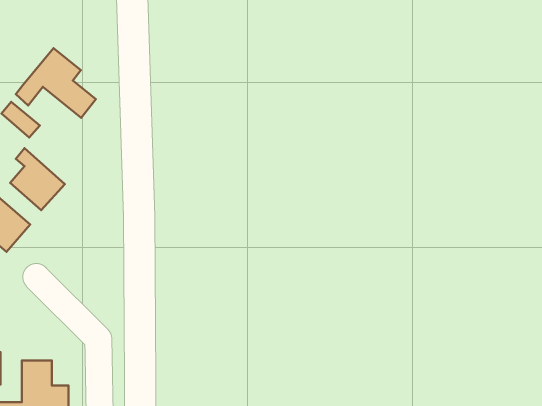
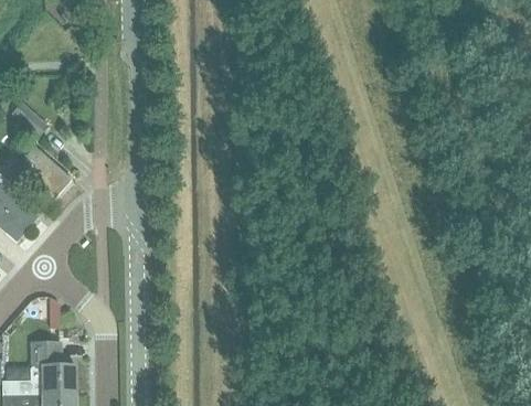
building: [16,48,96,118] -> none

